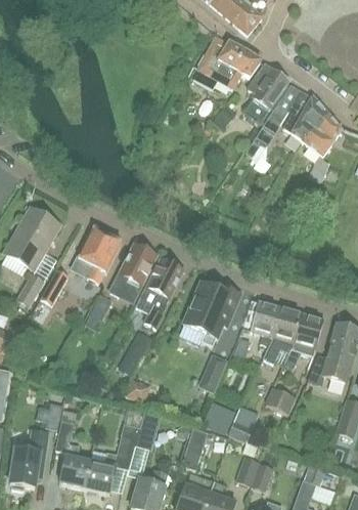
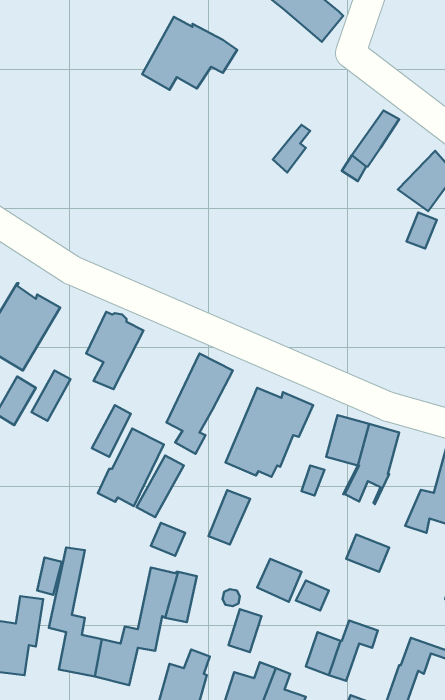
building: [193,37,261,89] -> [142,17,237,90]
building: [249,65,289,110] -> none
building: [283,90,328,140] -> none
building: [109,244,156,299] -> [98,429,164,506]
building: [285,313,324,369] -> none
building: [198,353,228,392] -> [208,490,250,545]

